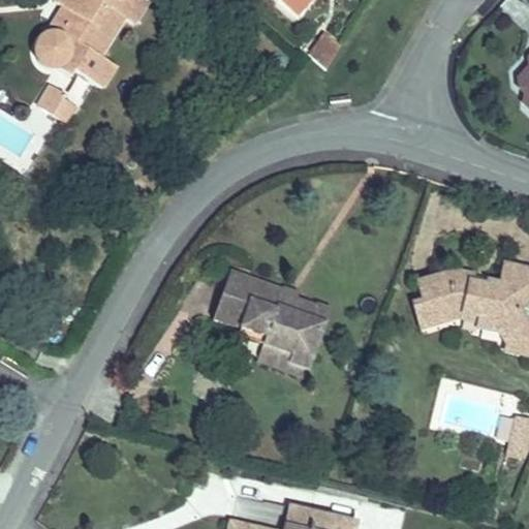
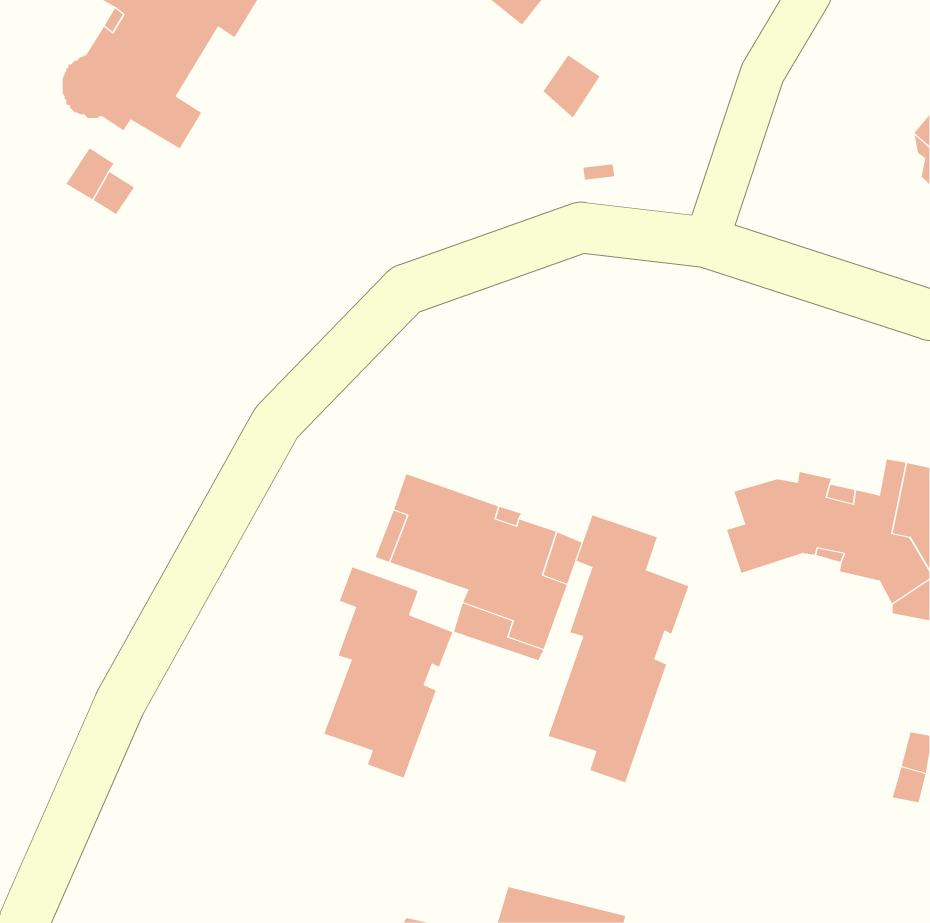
building: none -> [548,515,689,783]
building: none -> [323,567,453,778]

